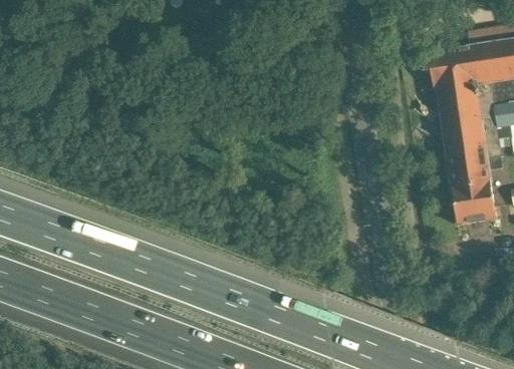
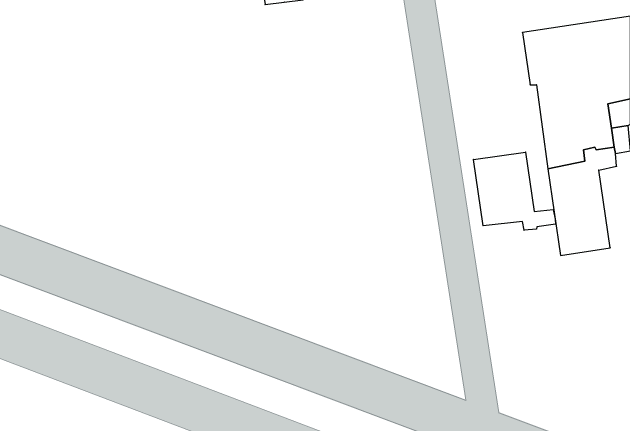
building: none -> [473,152,556,230]

